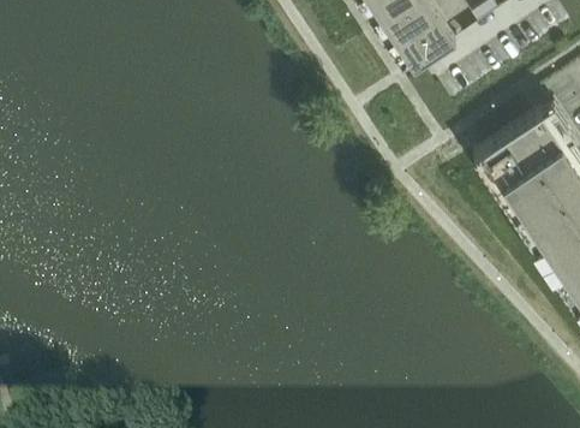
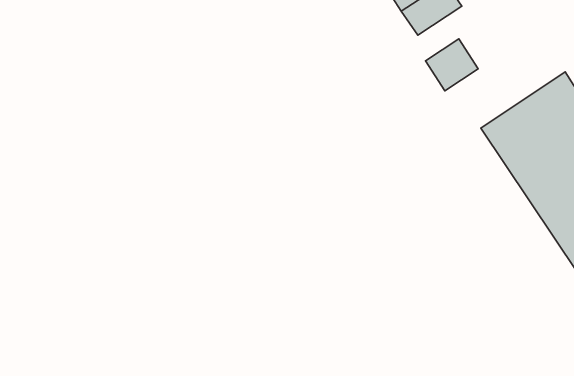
building: none -> [425,39,478,91]

